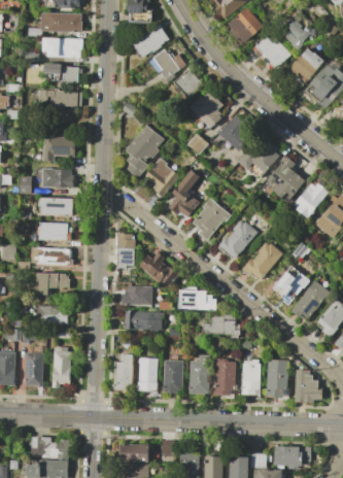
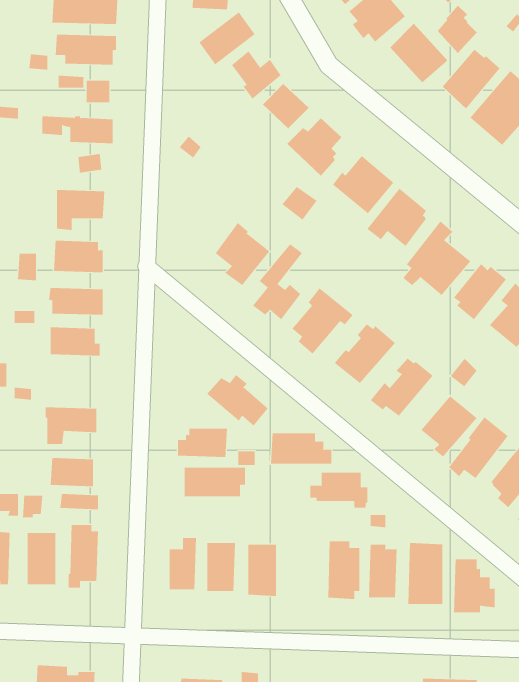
building: [126,125,163,178] -> none
building: [116,233,134,268] -> none
building: [31,248,73,265] -> none
building: [188,354,210,392] -> none

